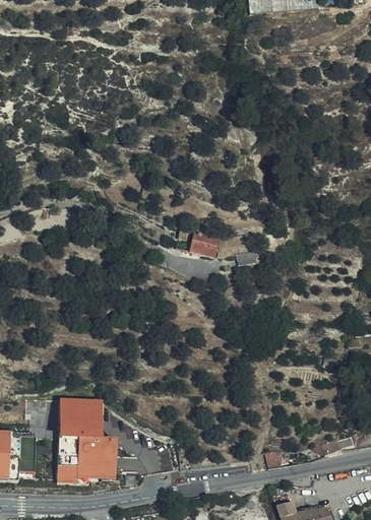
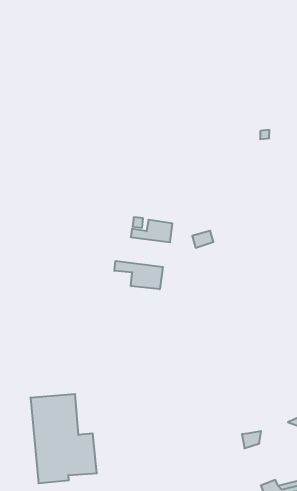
building: none -> [114,261,163,289]

